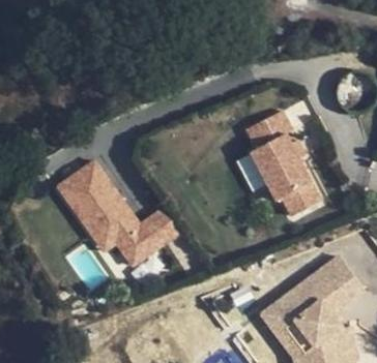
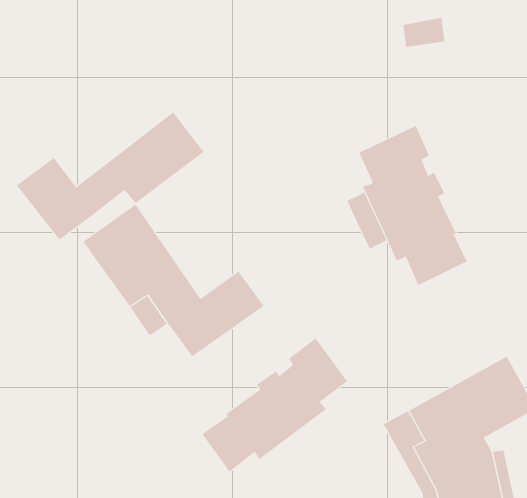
building: none -> [16,111,205,240]
building: none -> [202,337,348,473]

